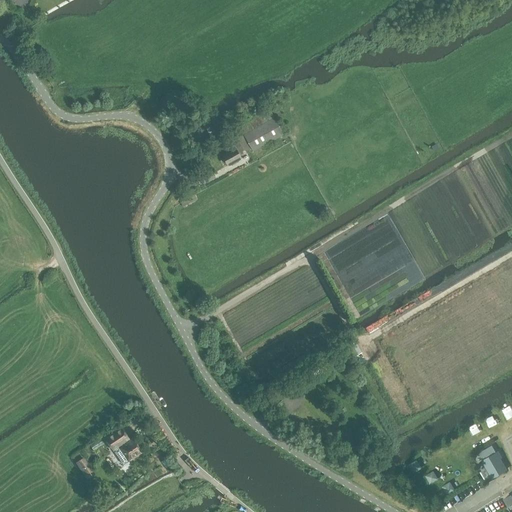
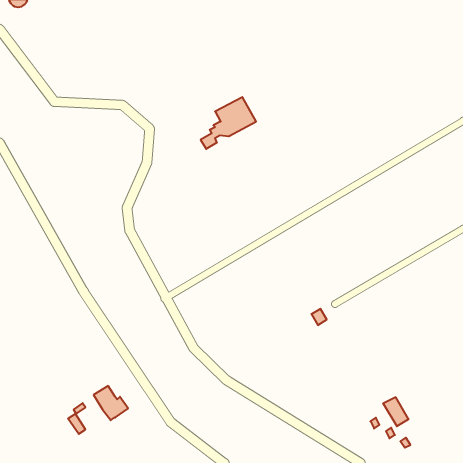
building: [477,445,505,477] -> [383,397,409,426]

